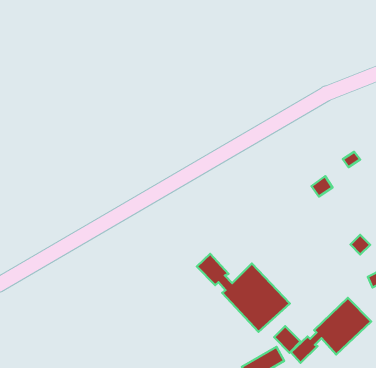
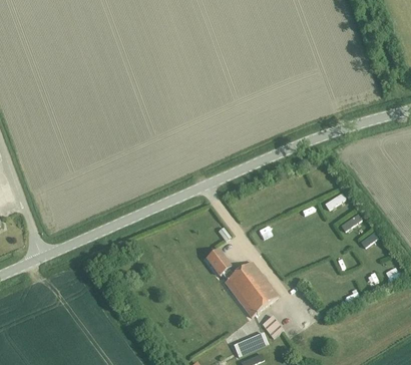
building: [291,298,371,363] -> none

